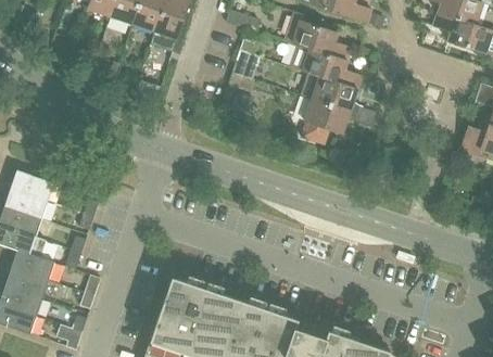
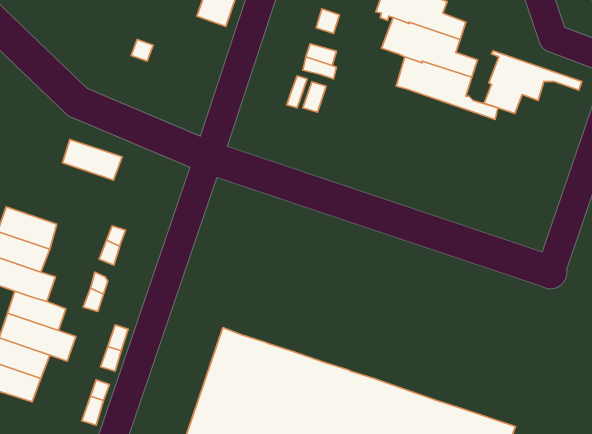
building: [301,98,374,144] -> [484,51,582,113]
building: [9,168,53,199] -> [63,139,122,180]

